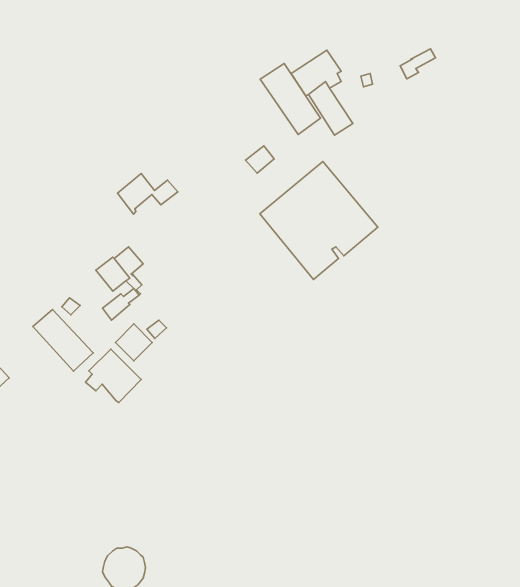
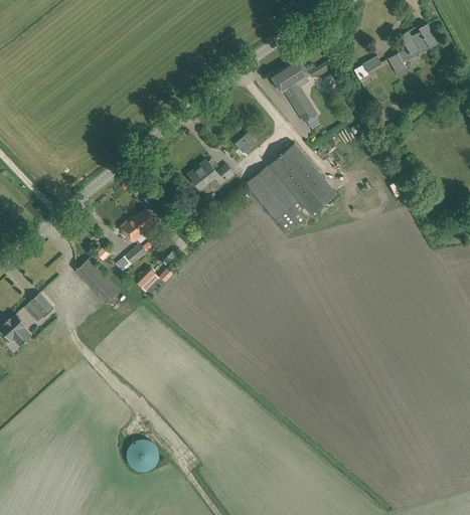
building: none -> [388,23,437,74]
building: [260,63,321,135] -> none
building: [118,173,178,214] -> [188,159,234,190]
building: [85,349,141,403] -> none

